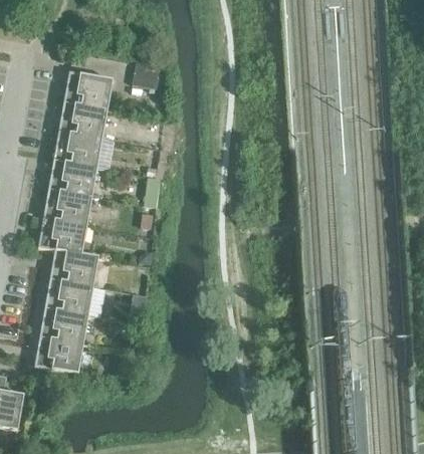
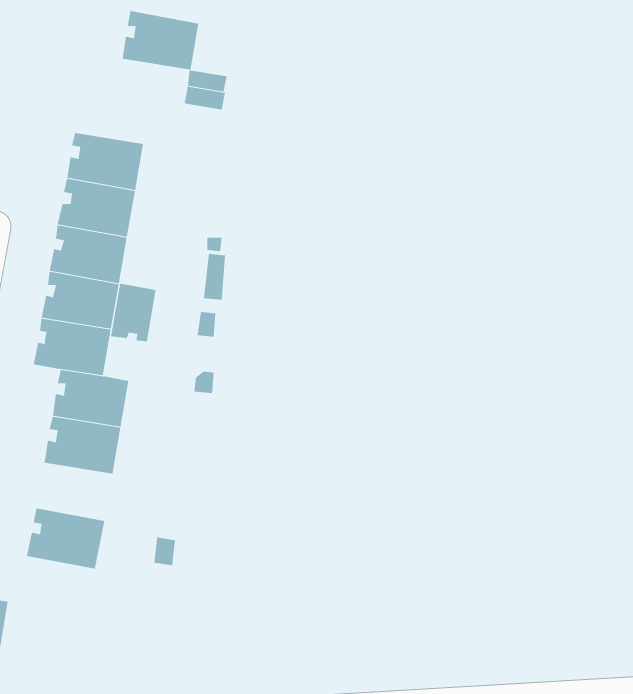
building: [63,71,112,108] -> [122,11,199,70]
building: none -> [111,283,156,342]
building: [39,307,87,344] -> none

